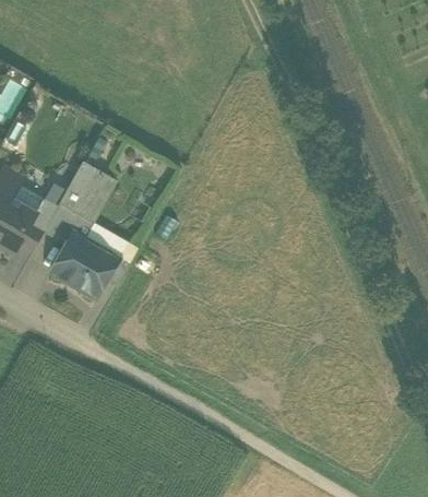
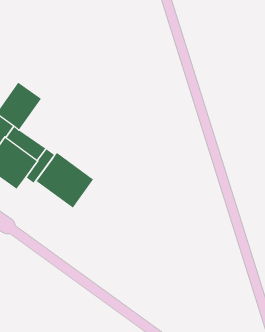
building: none -> [36,152,94,208]

